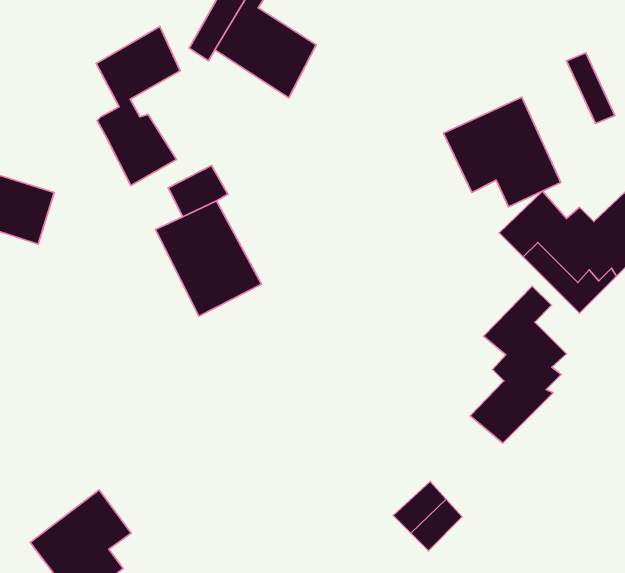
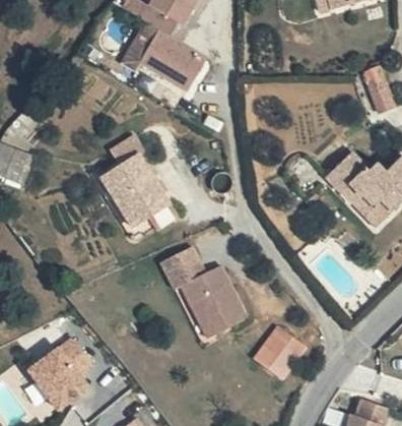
building: [96,26,180,185] -> none
building: [444,97,561,207] -> none
building: [470,286,567,443] -> none
building: none -> [162,248,248,343]

